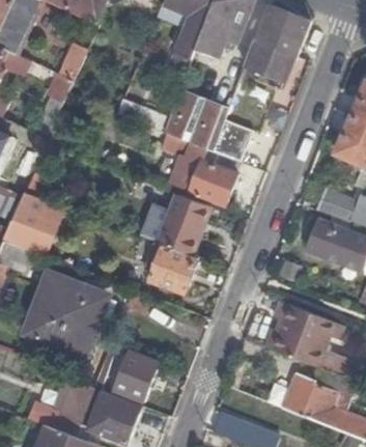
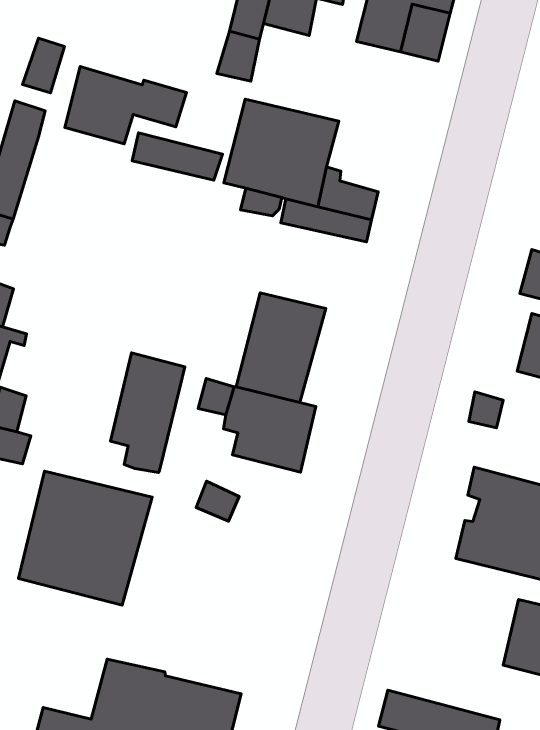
building: none -> [65,67,186,144]
building: [187,156,236,202] -> none
building: none -> [110,353,185,472]
building: [111,350,158,400] -> none

